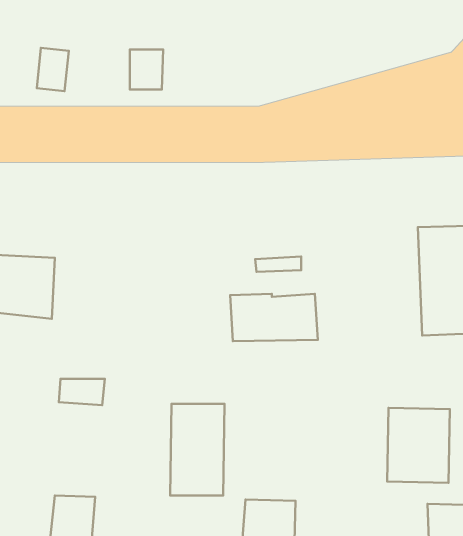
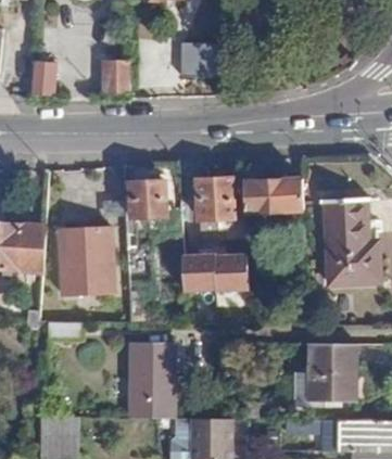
building: none -> [177,42,216,77]
building: none -> [195,179,237,219]
building: none -> [131,181,168,218]
building: none -> [243,181,305,212]
building: none -> [58,228,115,296]

